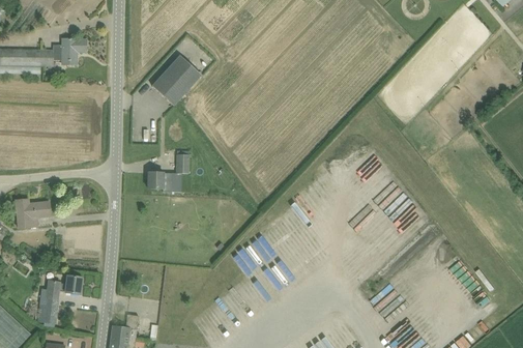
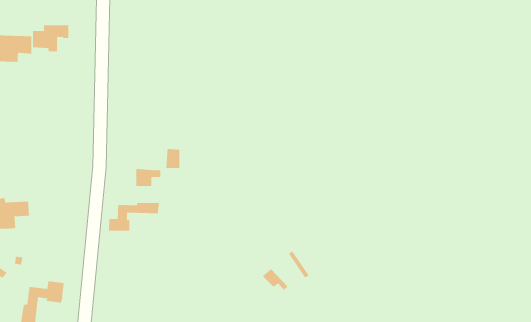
building: [151,55,201,106] -> none
building: none -> [108,202,160,232]

